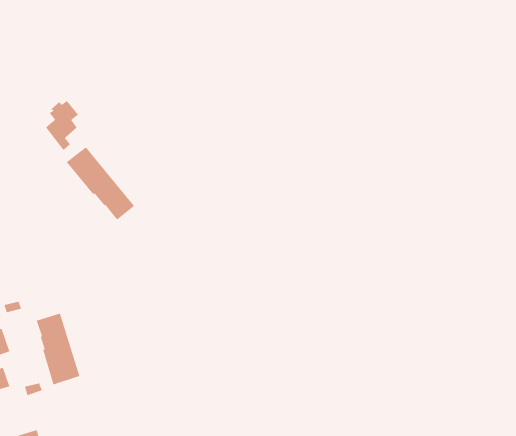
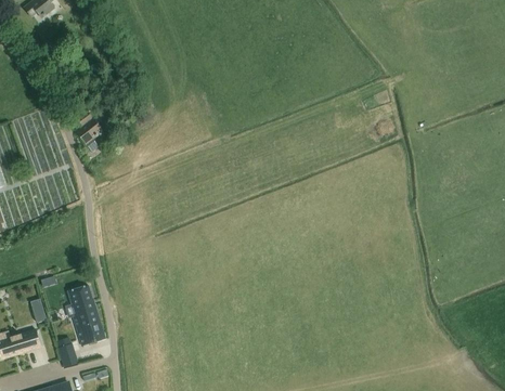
building: [66,146,135,221] -> none

